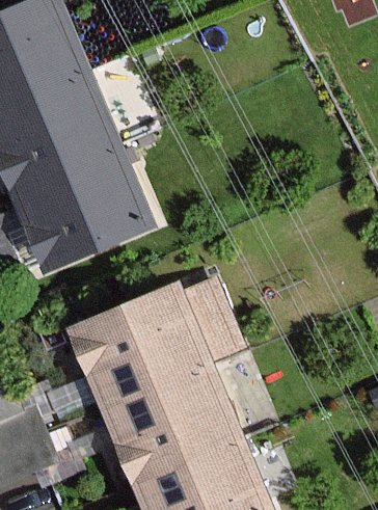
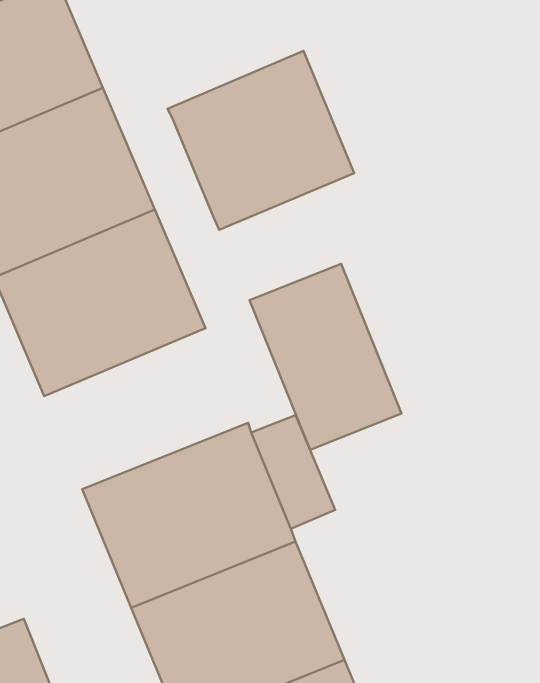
building: none -> [168,51,354,230]
building: none -> [250,264,402,450]

